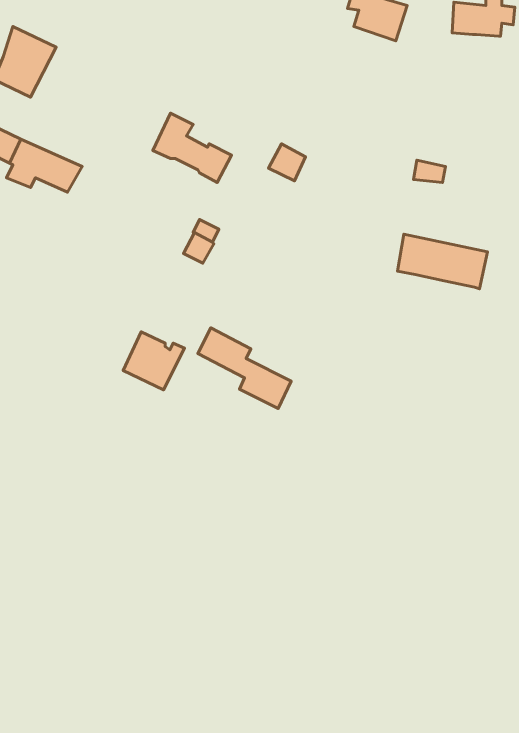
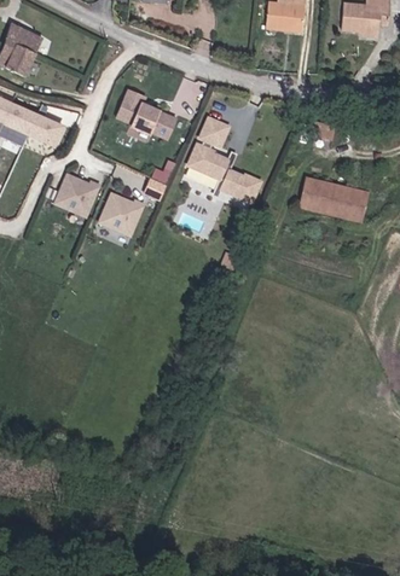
building: none -> [50,169,95,214]
building: [198,328,291,408] -> [191,136,261,197]
building: [123,332,184,390] -> [93,191,139,234]

